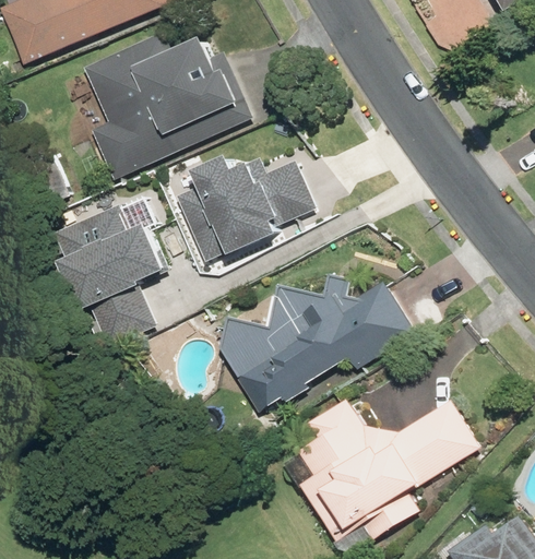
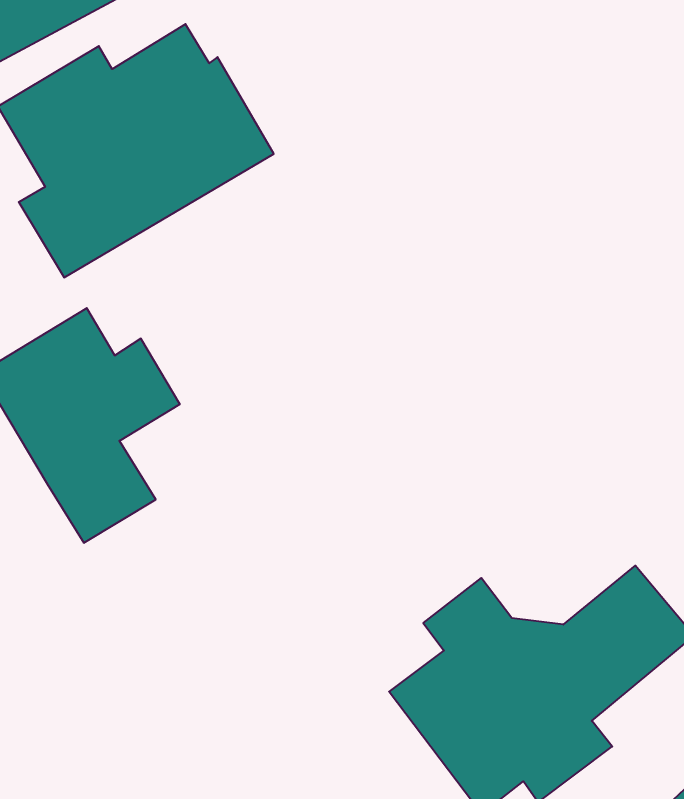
building: [171,148,314,253] -> none
building: [217,270,409,414] -> none

